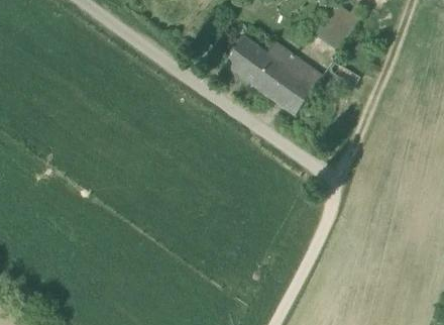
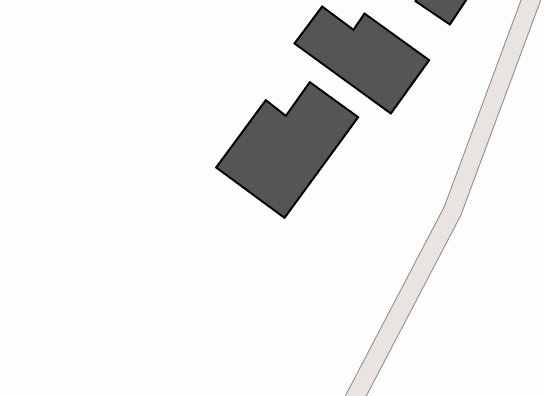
building: none -> [216,82,358,218]

